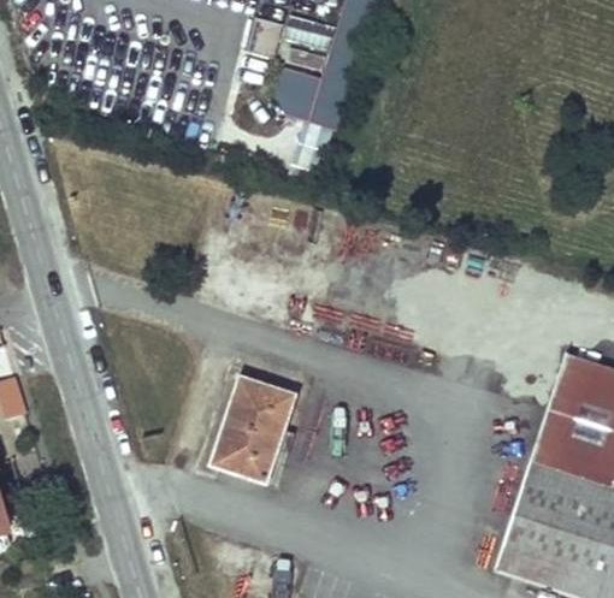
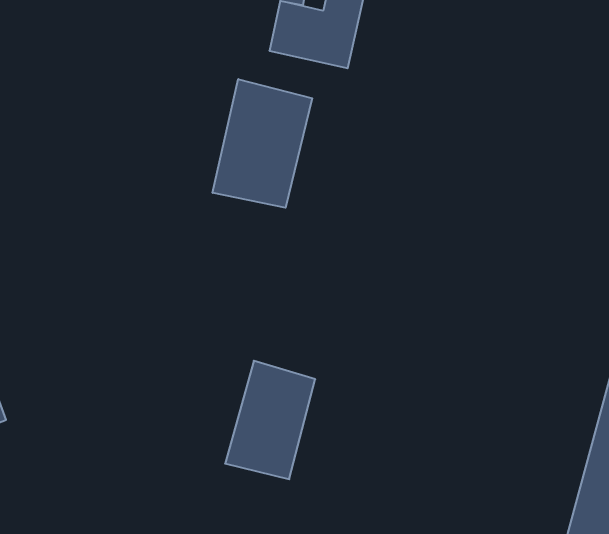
building: none -> [213,79,312,208]

